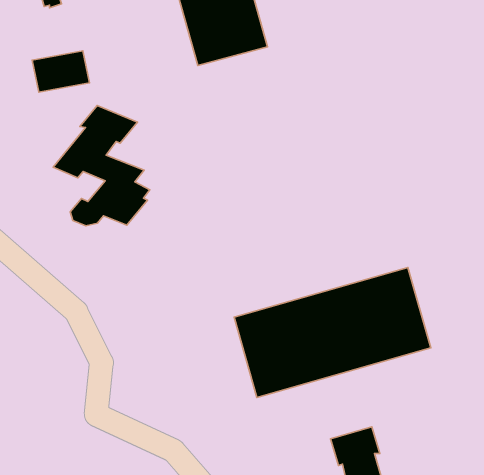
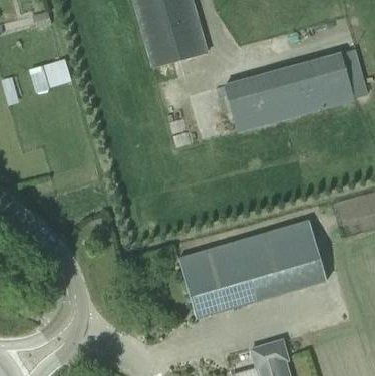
building: none -> [227,54,354,130]
building: [53,106,150,226] -> none

